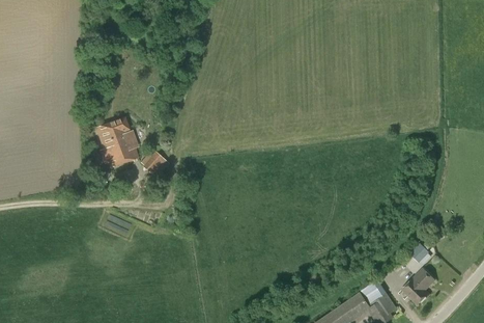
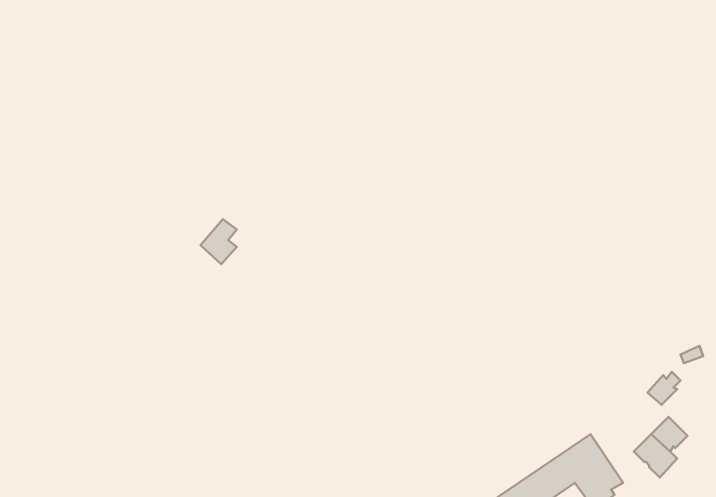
building: [97,118,139,168] -> none

